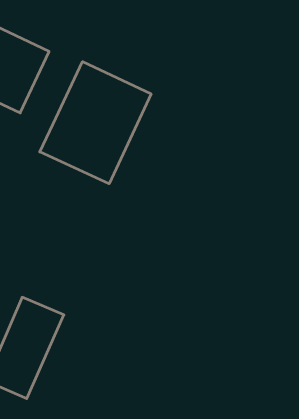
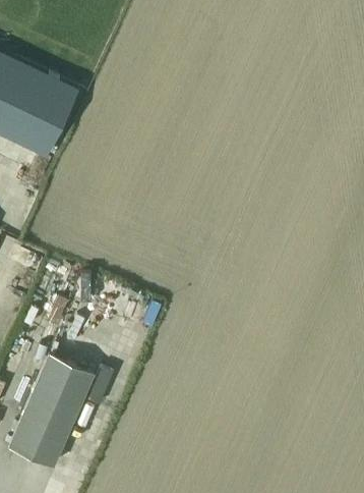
building: [40,62,151,184] -> none

